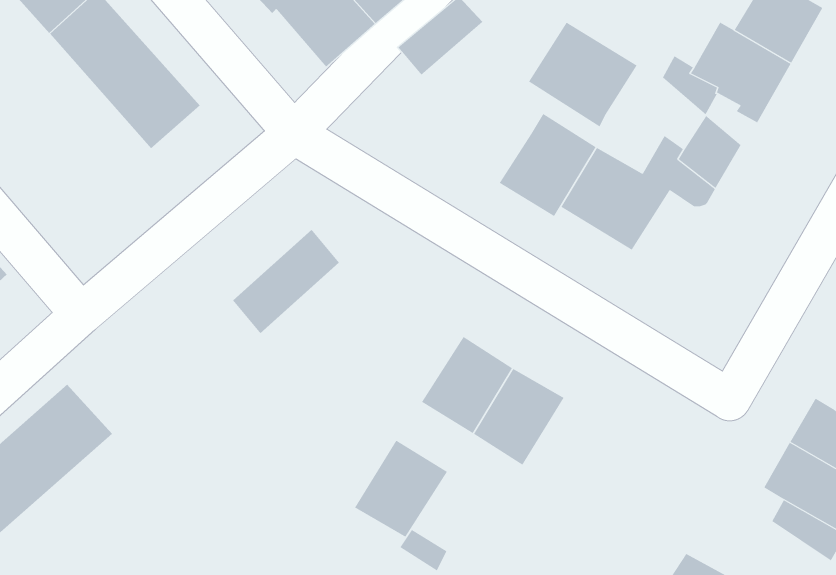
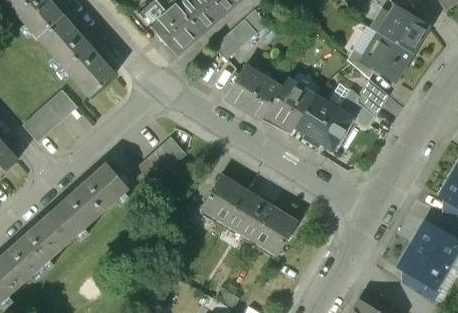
building: [528,22,638,127] -> [227,65,282,118]
building: none -> [24,89,79,141]
building: none -> [49,161,130,238]
building: [354,440,448,537] -> [201,173,248,222]

